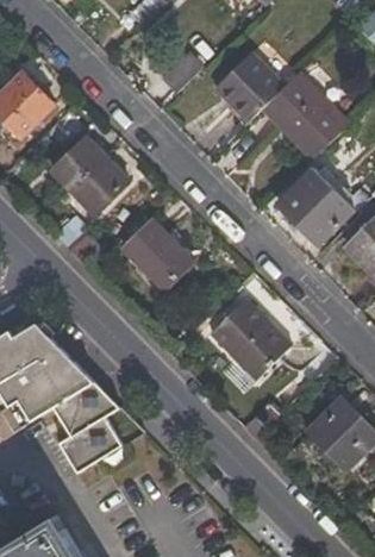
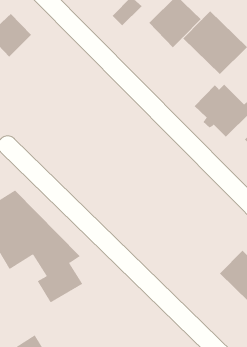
building: [51,138,130,215] -> none
building: [124,220,194,290] -> none
building: [211,300,292,380] -> none

